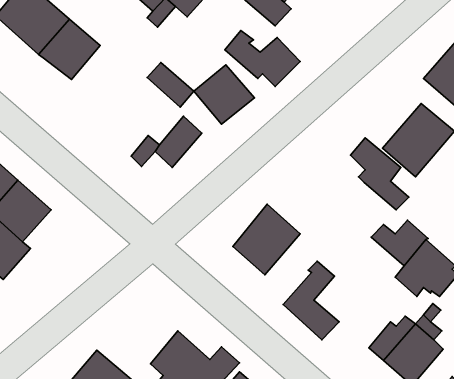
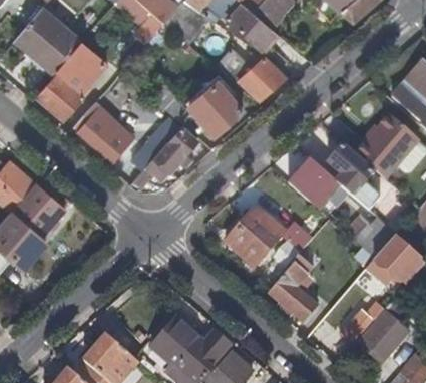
building: none -> [39,75,86,119]
building: none -> [75,111,127,159]
building: none -> [270,158,340,209]

